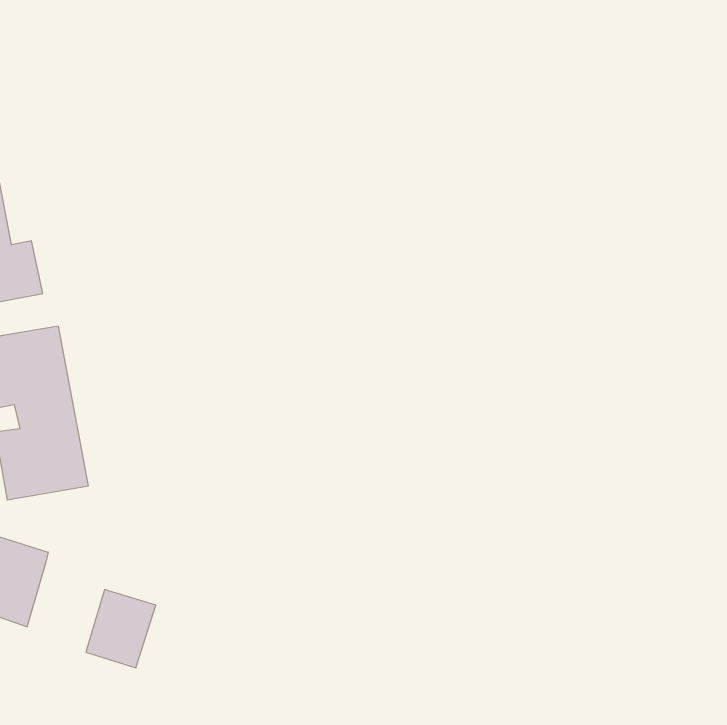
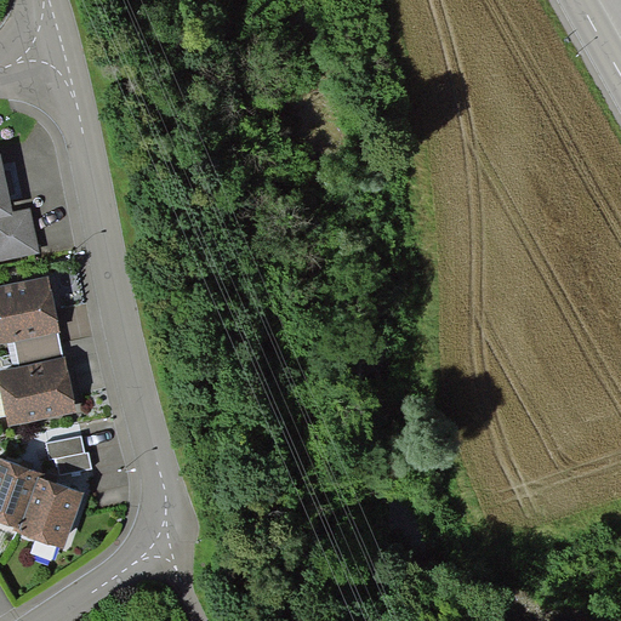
building: none -> [46,432,92,471]
building: [86,590,156,668] -> [23,480,82,547]

